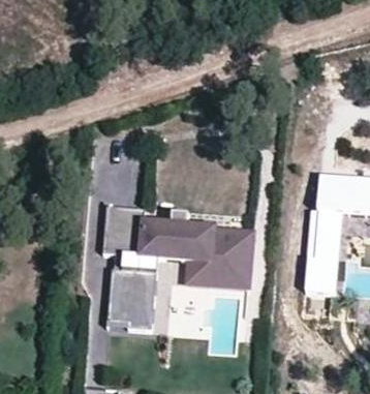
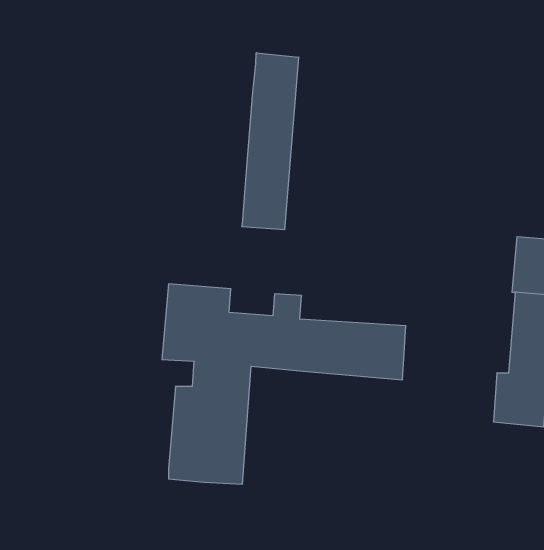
building: none -> [242,53,299,230]
building: [187,259,250,285] -> none

